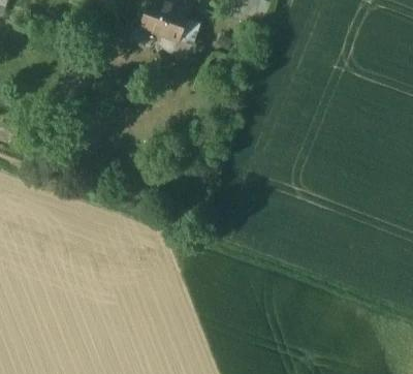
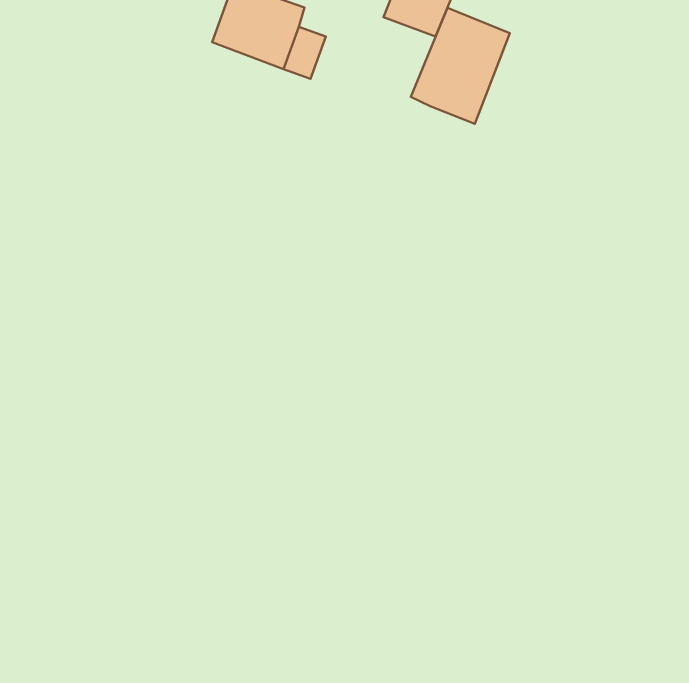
building: none -> [411,8,510,124]

